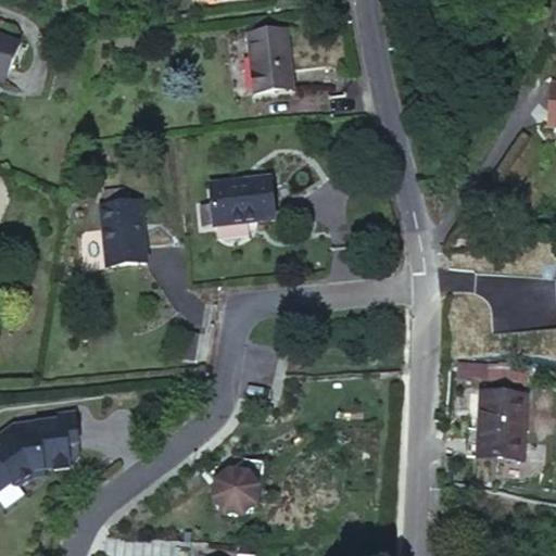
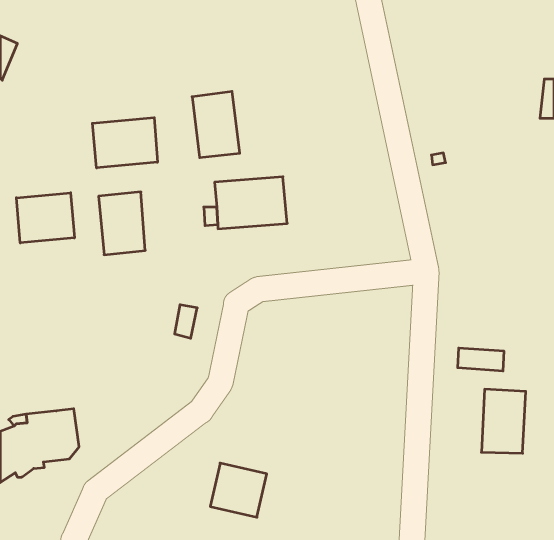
building: [245,35,293,101] -> [192,91,240,158]
building: none -> [92,118,157,168]
building: none -> [16,193,74,243]

